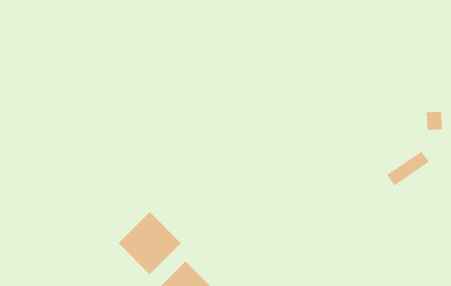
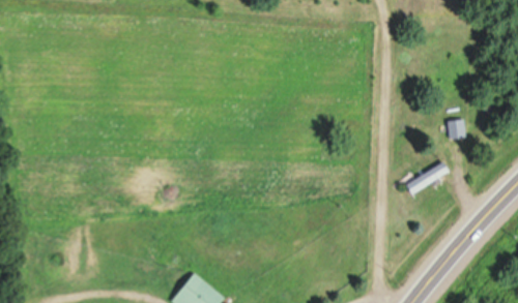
building: [118,211,182,275] -> none

